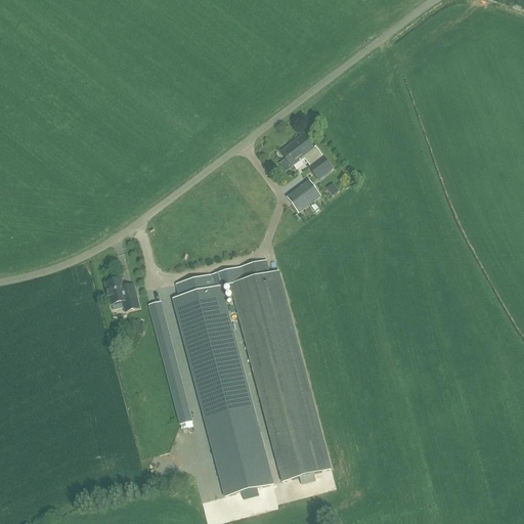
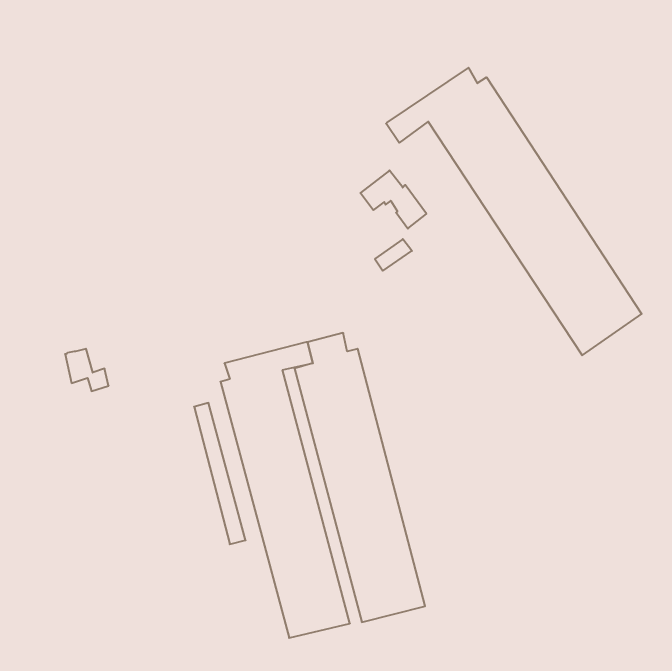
building: none -> [386,68,642,355]
building: [104,277,138,310] -> [65,349,109,391]

